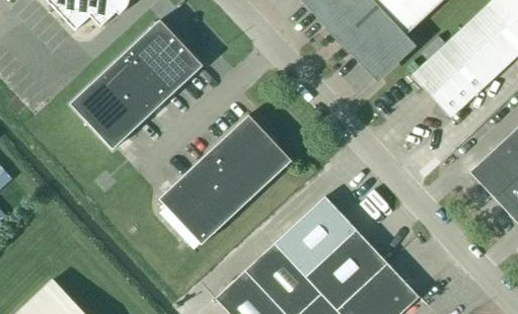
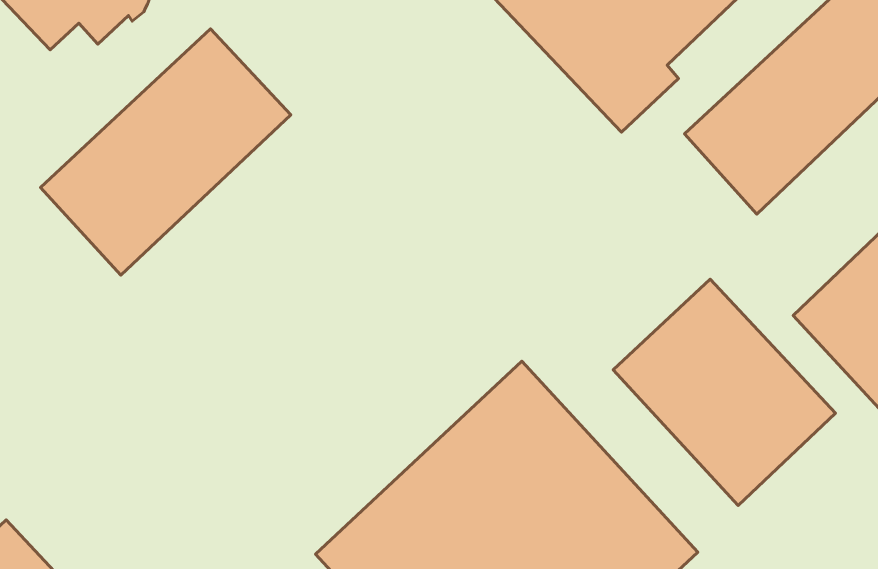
building: [159,113,292,244] -> none
building: none -> [613,279,836,505]

